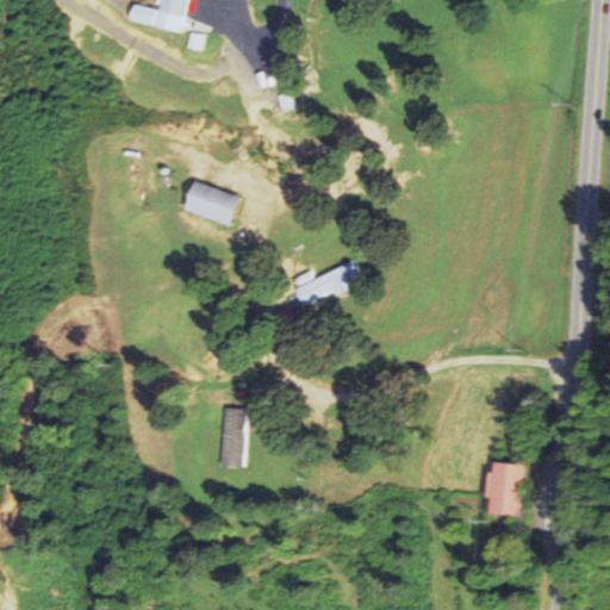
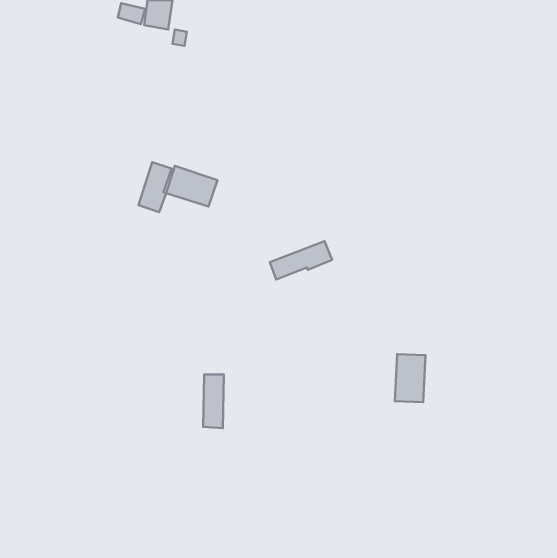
building: none -> [139,162,172,212]
building: [488,463,522,516] -> [395,354,425,402]

